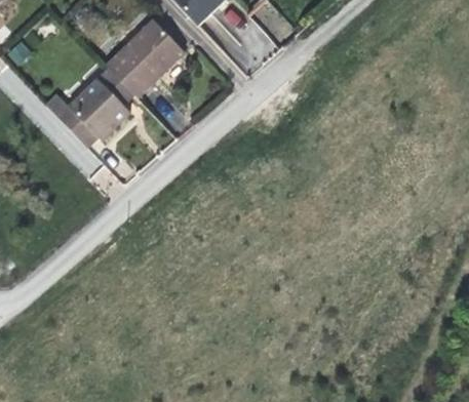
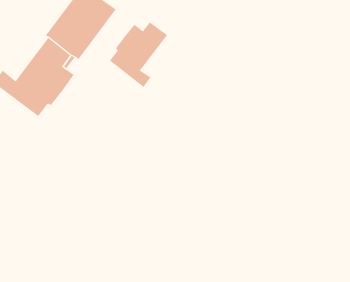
building: none -> [109,22,168,88]

